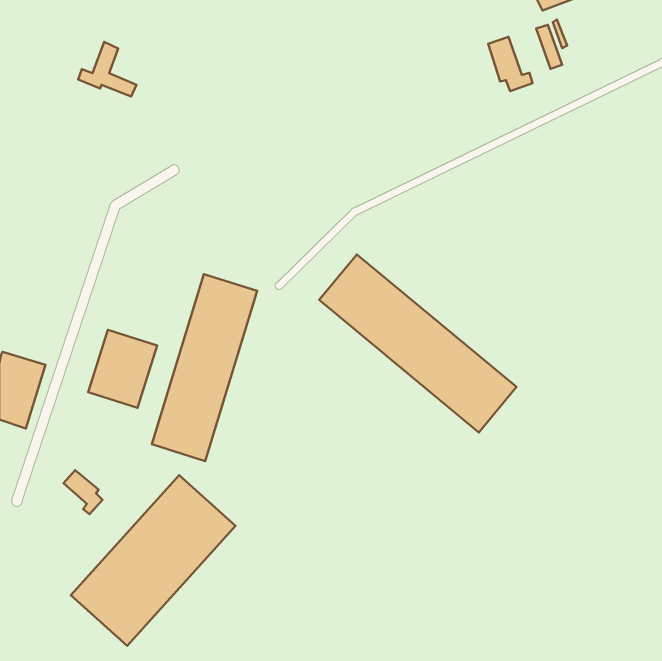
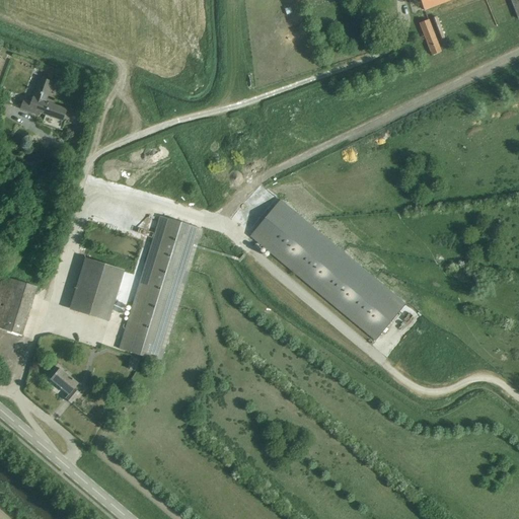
building: [488,37,532,91] -> none
building: [78,42,136,96] -> [20,76,66,119]
building: [71,475,235,646] -> none

